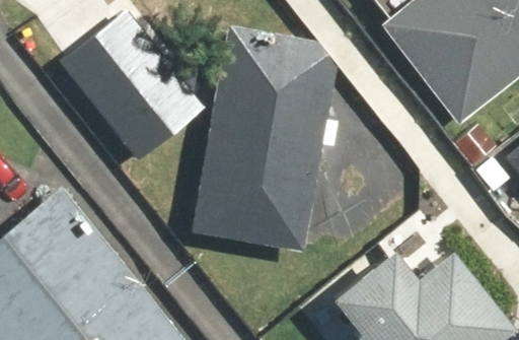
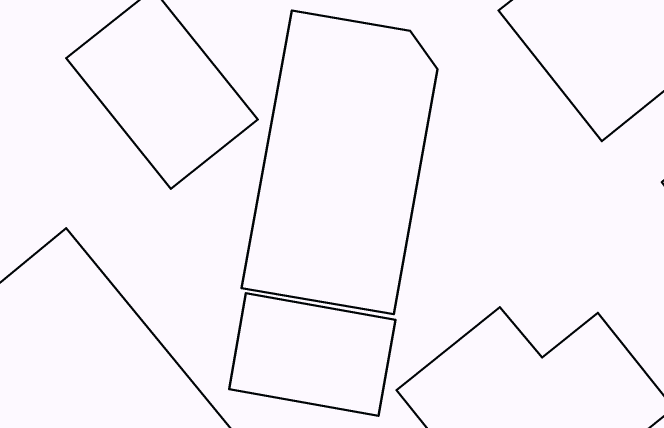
building: none -> [229,293,395,416]

